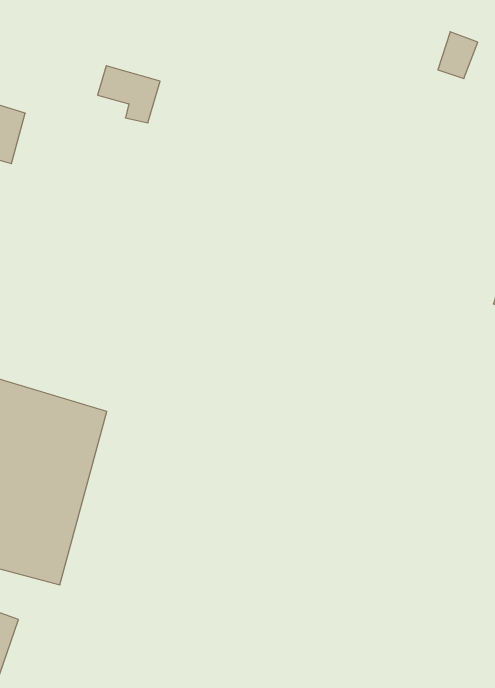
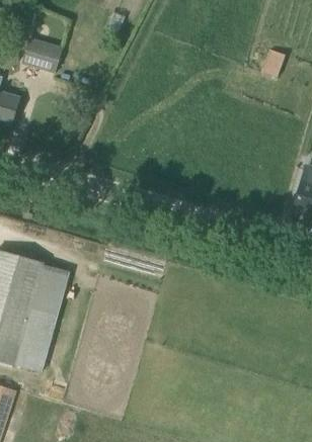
building: [98,66,160,123] -> [25,37,62,71]

